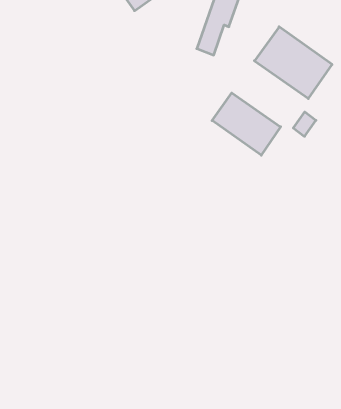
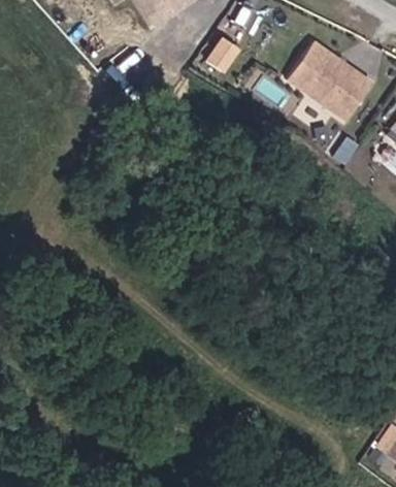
building: [212,93,281,155] -> none

